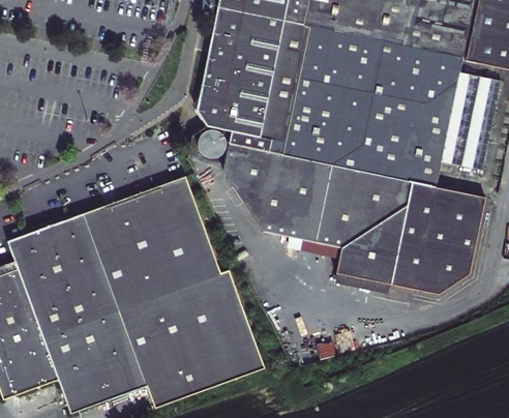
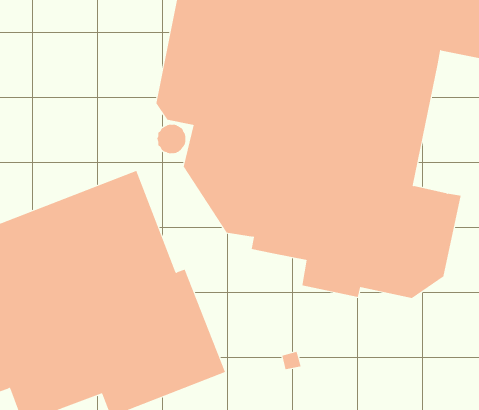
building: [441,72,498,195] -> none

